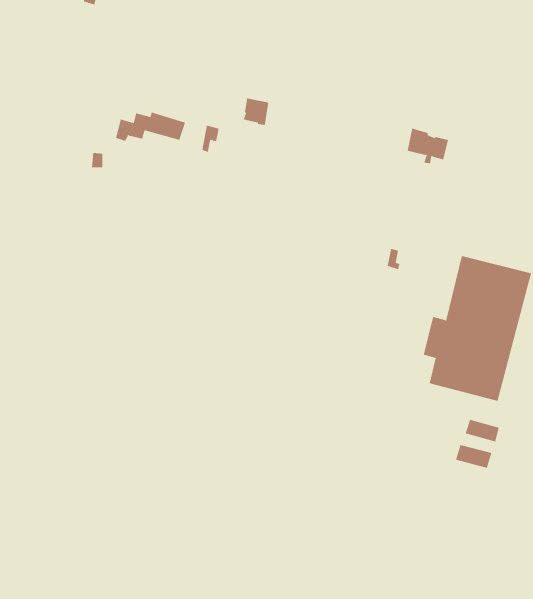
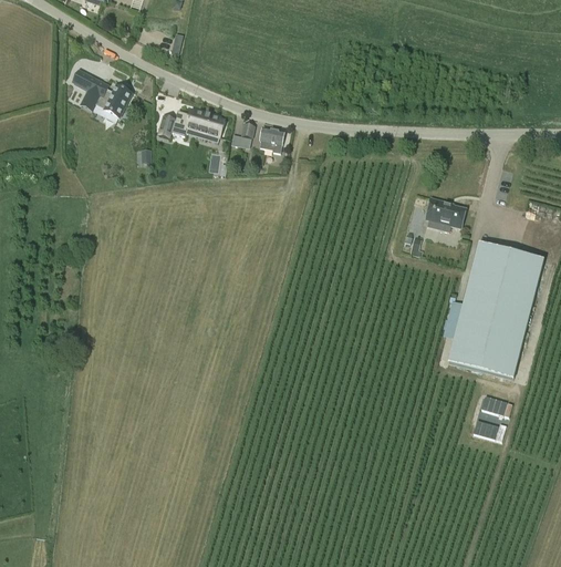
building: none -> [73,71,132,118]
building: [243,98,269,125] -> [259,126,283,152]
building: [407,128,449,164] -> [426,197,465,230]

